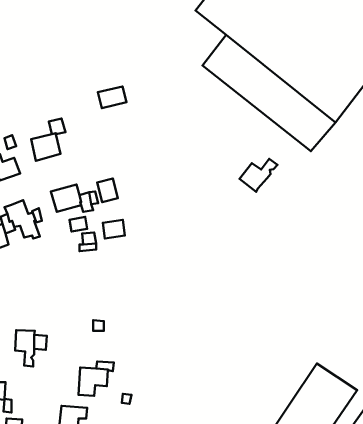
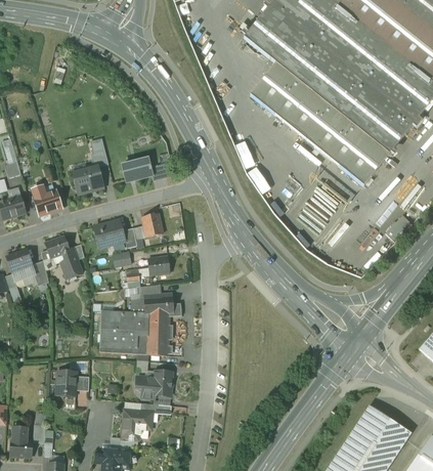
building: [98,86,126,108] -> [122,158,151,180]
building: [239,159,277,192] -> none
building: none -> [99,292,182,354]
building: none -> [136,370,172,397]

